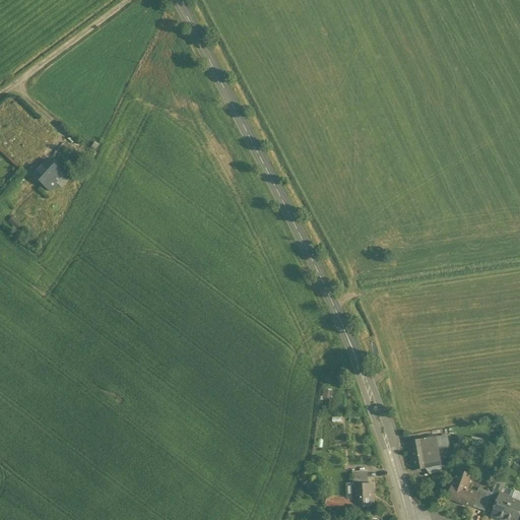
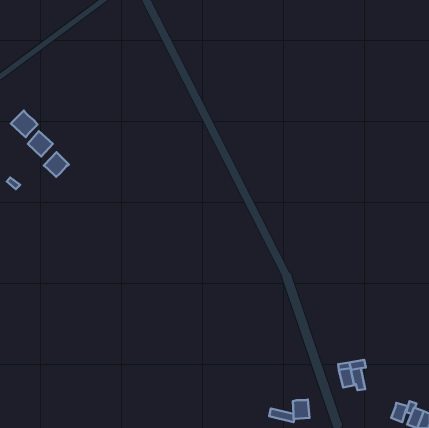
building: none -> [11,111,37,137]
building: none -> [44,152,69,177]
building: [449,469,478,505] -> none

